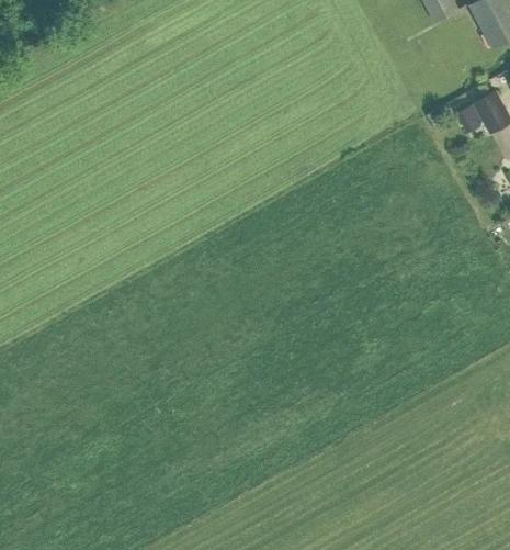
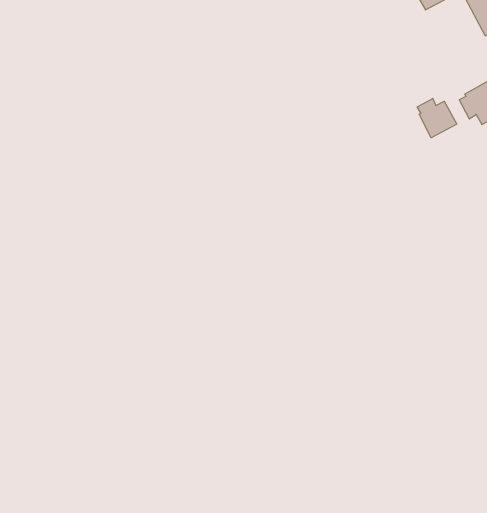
building: none -> [417,98,457,138]

